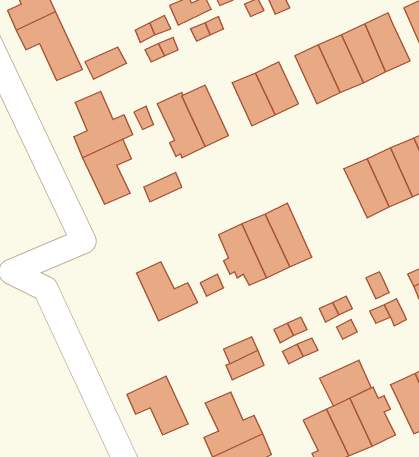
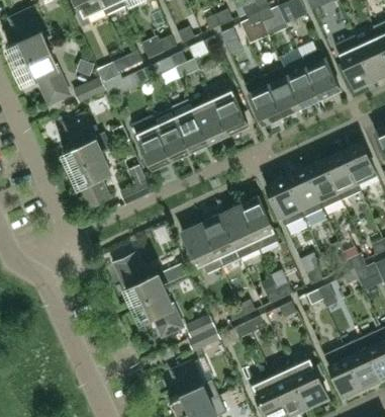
building: none -> [171,100,209,150]
building: none -> [266,177,304,226]
building: none -> [238,196,279,250]
building: [320,360,371,406] -> none
building: [127,376,188,435] -> [132,287,183,336]

